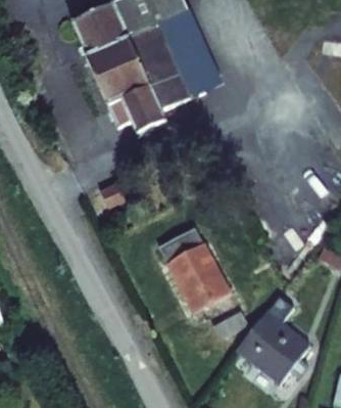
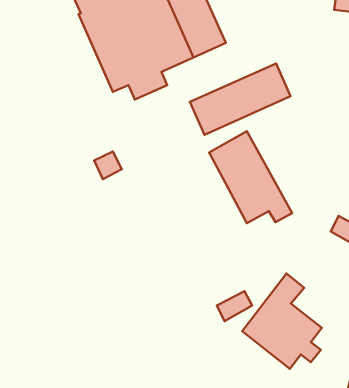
building: none -> [190,63,291,135]
building: [159,228,236,313] -> [209,131,292,223]

